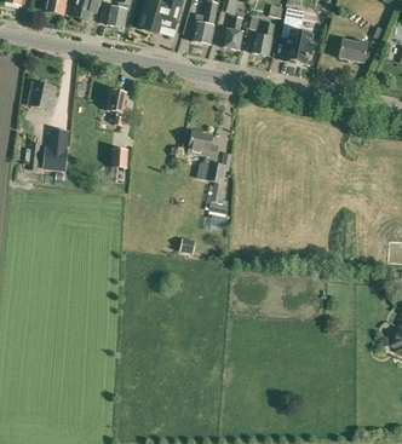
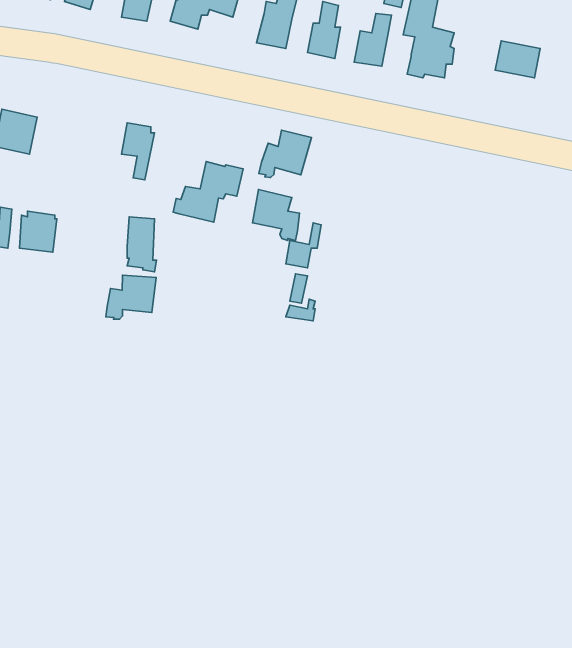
building: none -> [259,130,311,178]
building: none -> [173,162,243,222]
building: none -> [106,275,156,319]

